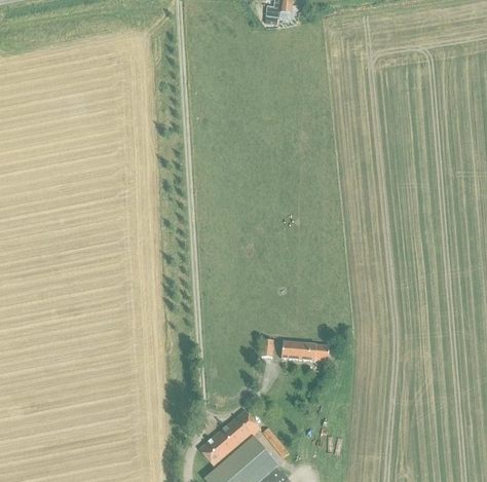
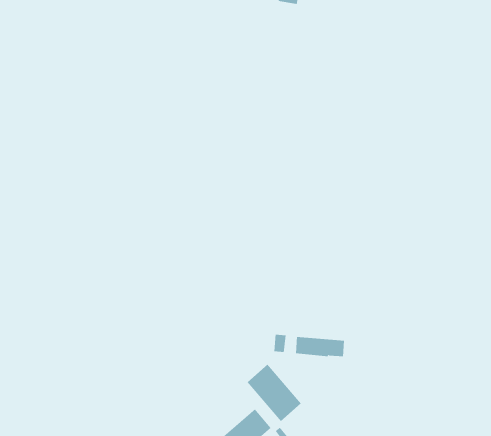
building: none -> [247,364,302,422]

